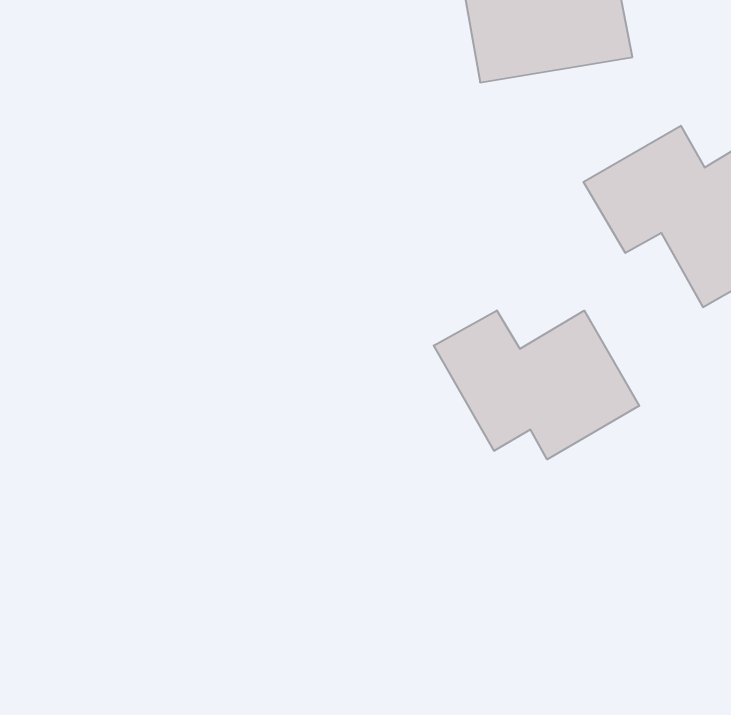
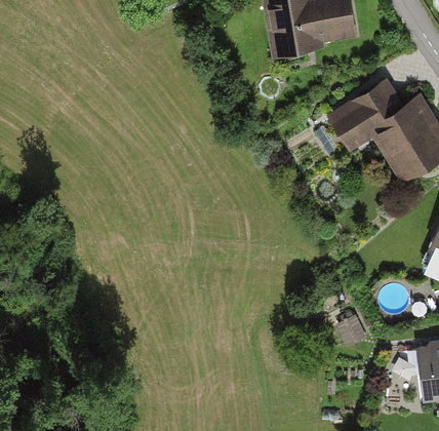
building: [434,310,639,459] -> none

